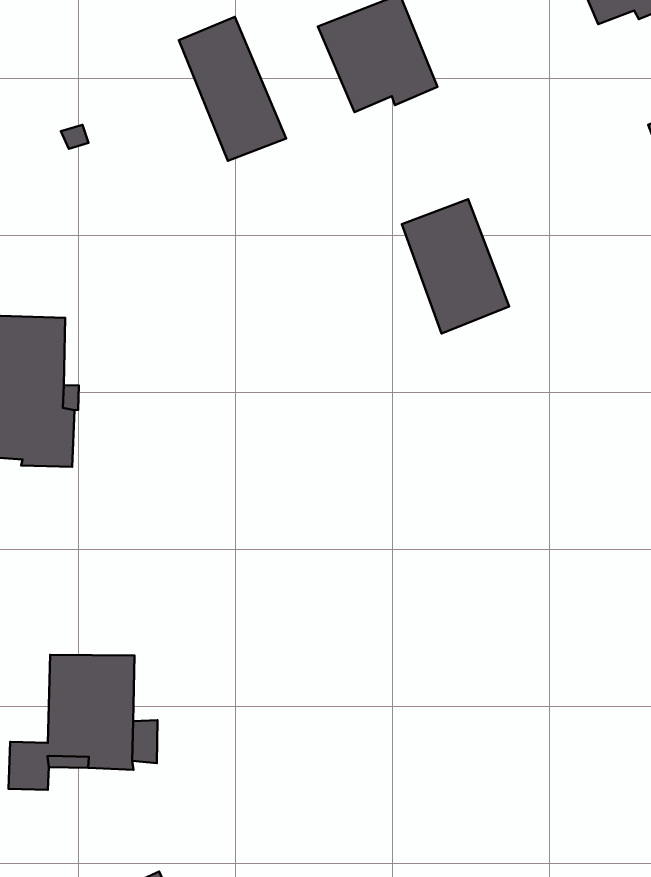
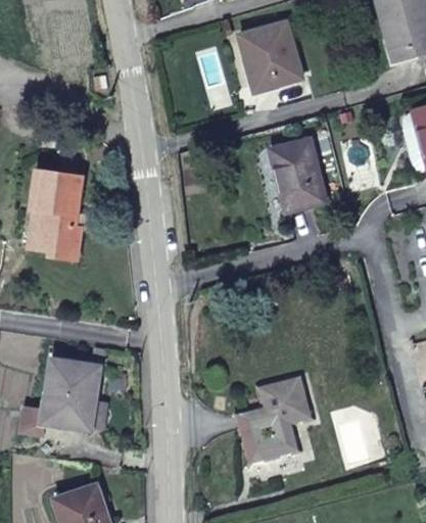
building: [179,17,286,161] -> none
building: none -> [236,377,311,463]

